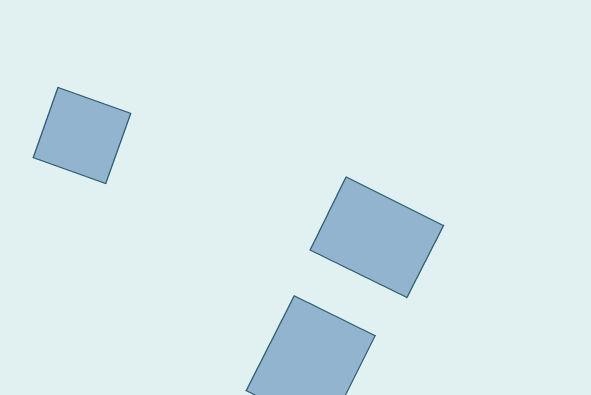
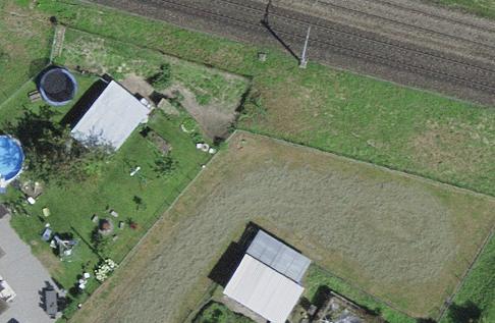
building: [310,177,444,298] -> none

